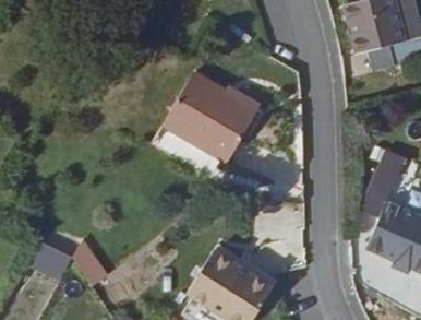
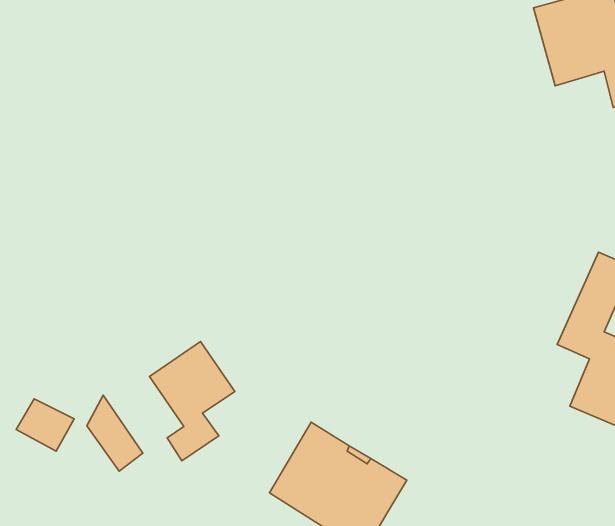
building: [171,66,262,149] -> none
building: none -> [149,341,235,461]

